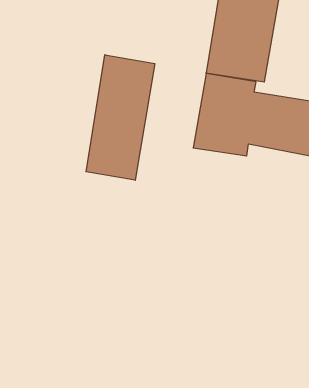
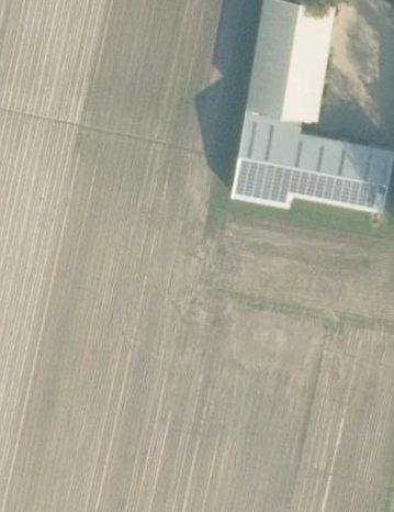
building: [86,55,155,180] -> none

